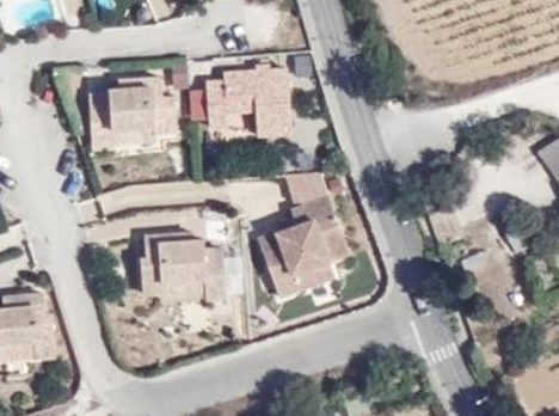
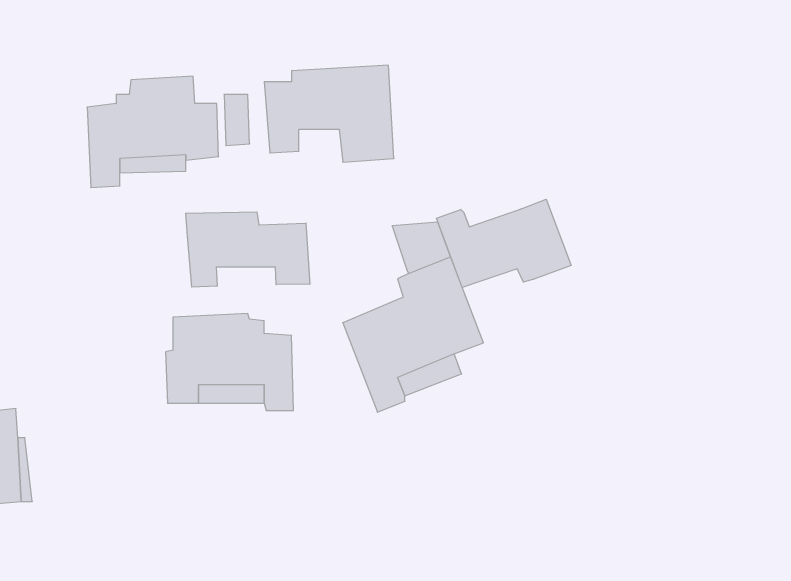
building: none -> [436,199,571,288]
building: none -> [186,212,310,287]

